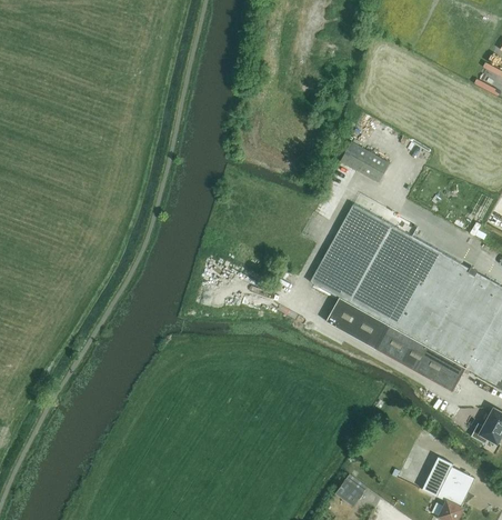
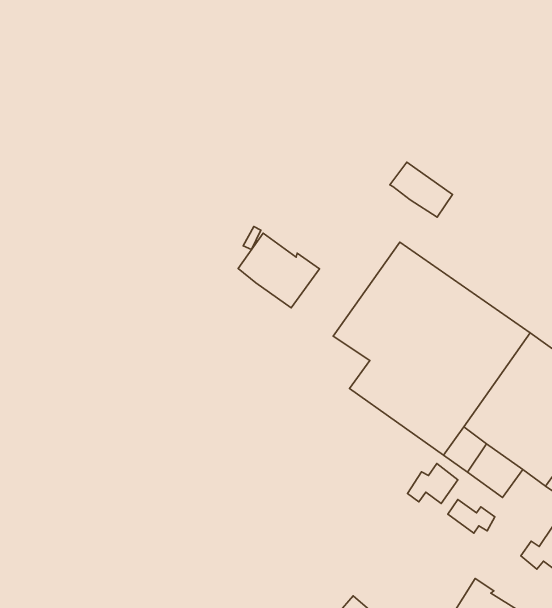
building: none -> [238,233,320,308]
building: none -> [407,464,458,503]
building: none -> [448,499,495,533]

